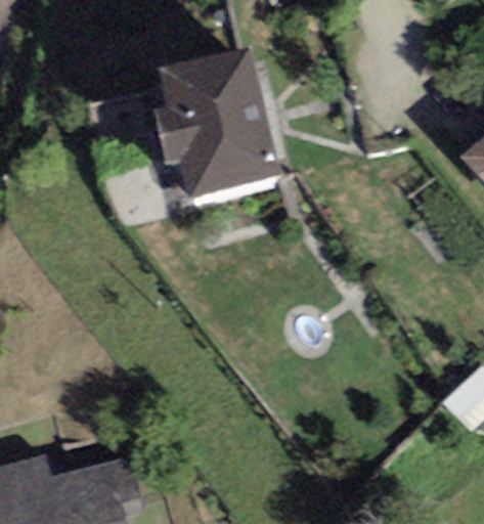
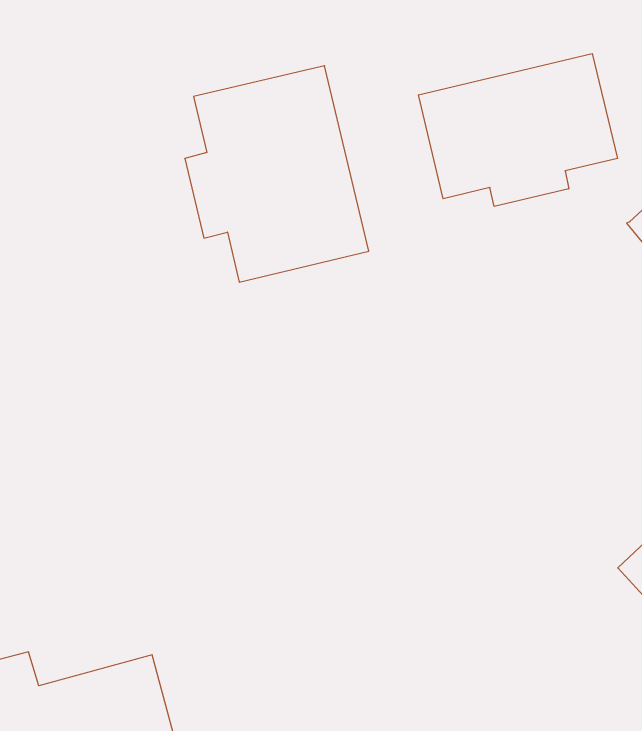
building: none -> [418,54,617,206]

